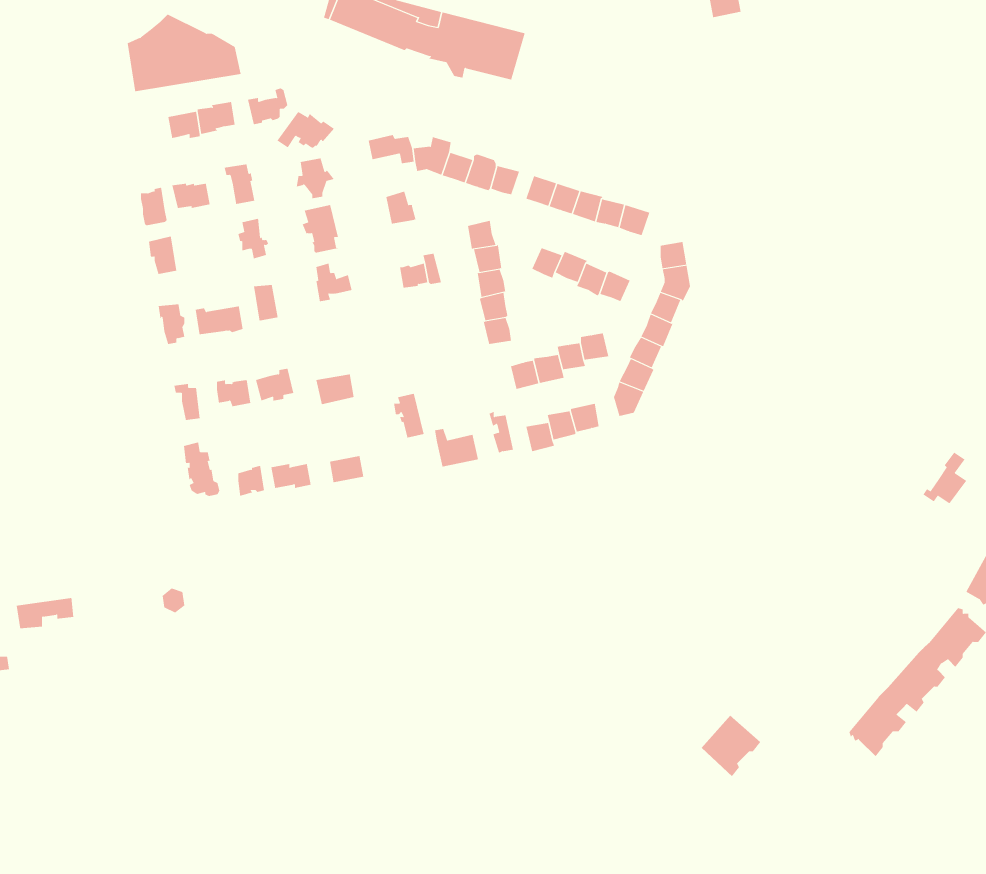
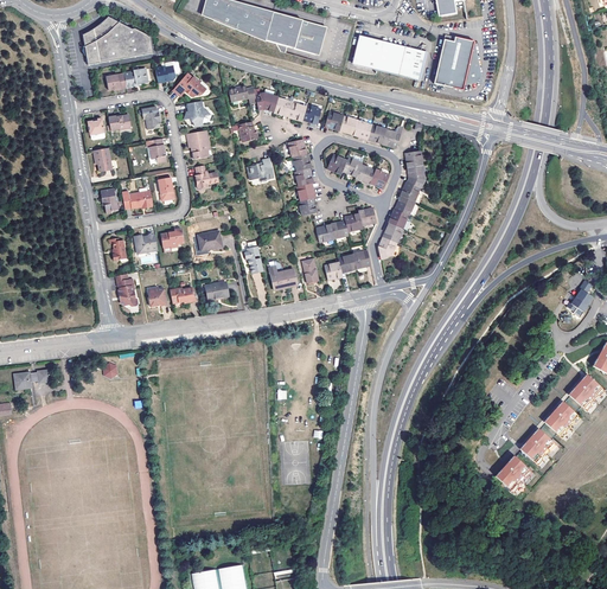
building: none -> [432,34,480,90]
building: none -> [354,36,426,78]
building: [701,715,761,777] -> [494,455,531,493]

